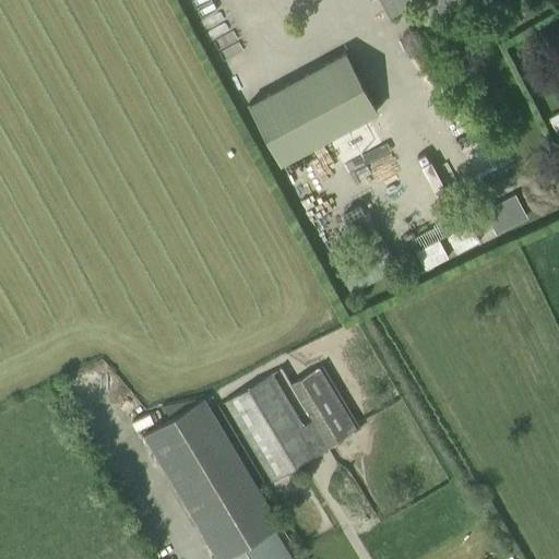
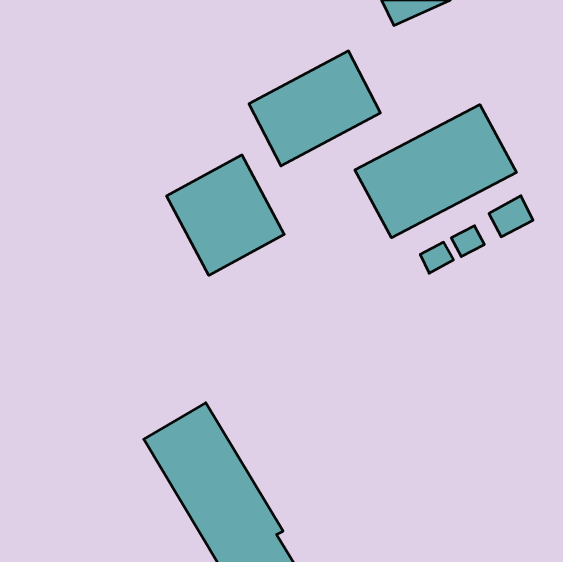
building: none -> [355,105,516,238]
building: none -> [167,155,284,275]
building: [225,370,357,484] -> none

